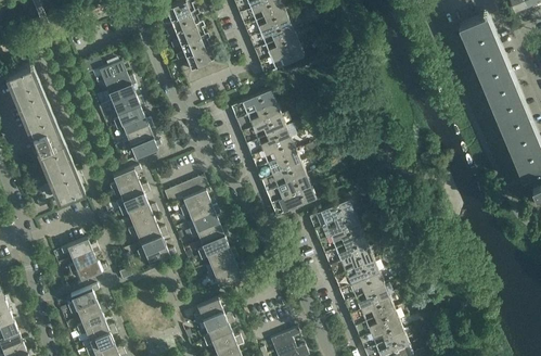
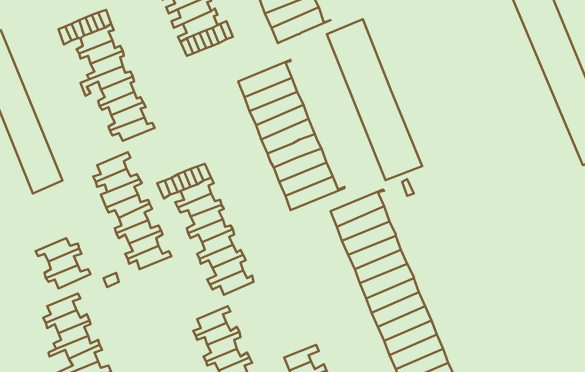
building: none -> [327,19,422,180]

